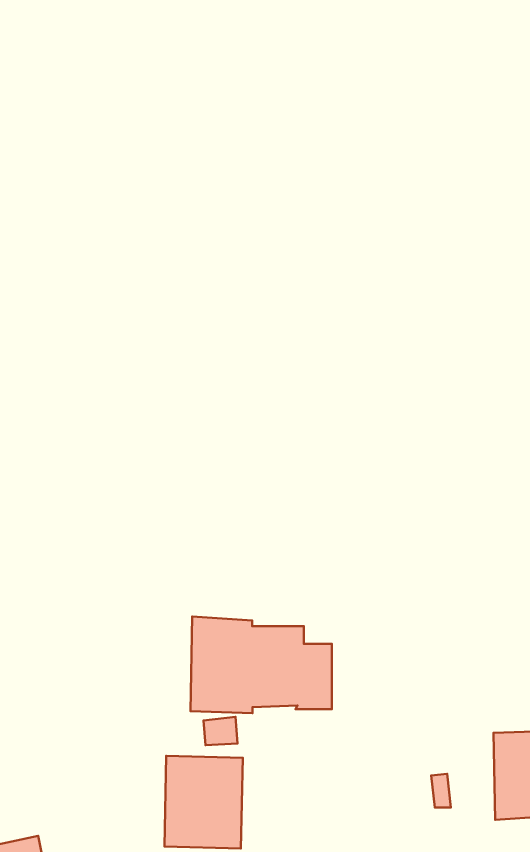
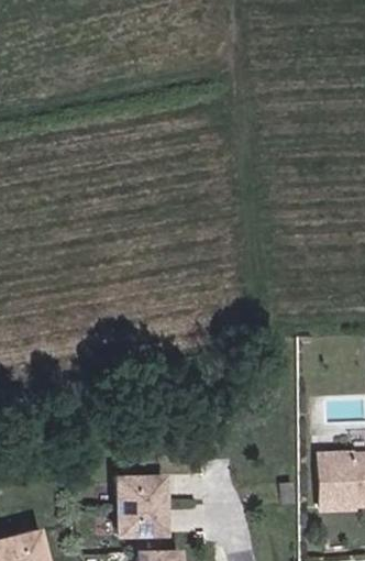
building: [190,617,332,713] -> none

